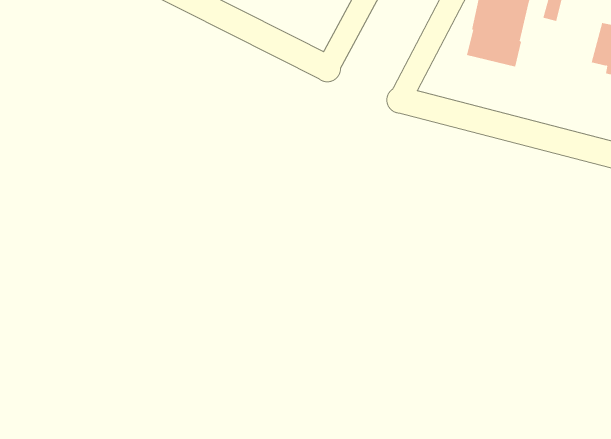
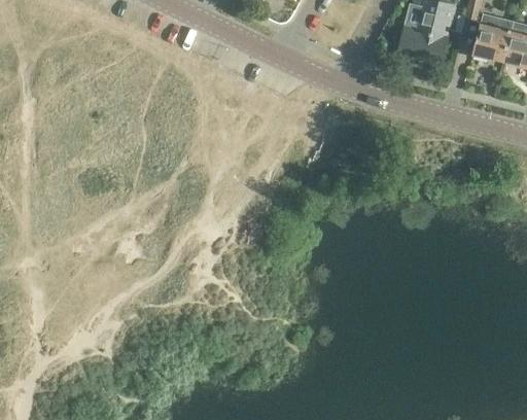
building: none -> [473,13,514,58]

